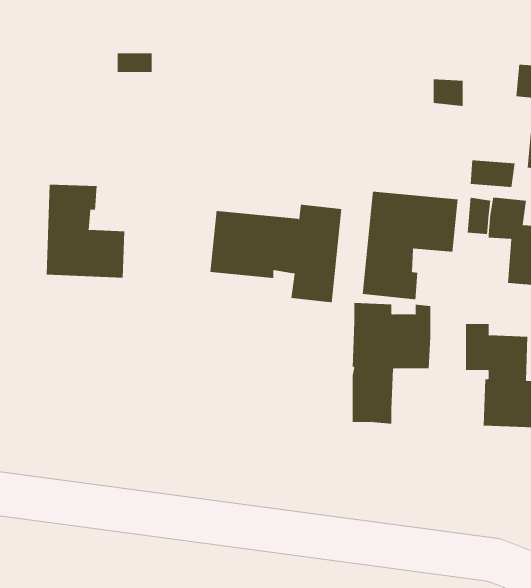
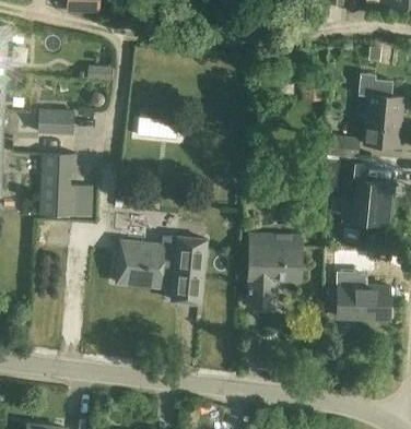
building: none -> [27,109,73,134]
building: [362,191,458,300] -> none
building: [209,204,342,303] -> [117,237,207,303]

